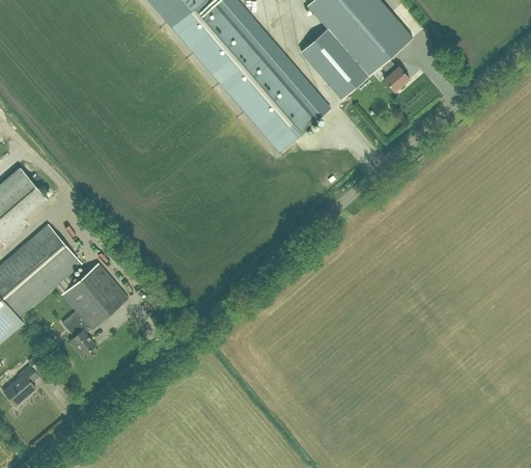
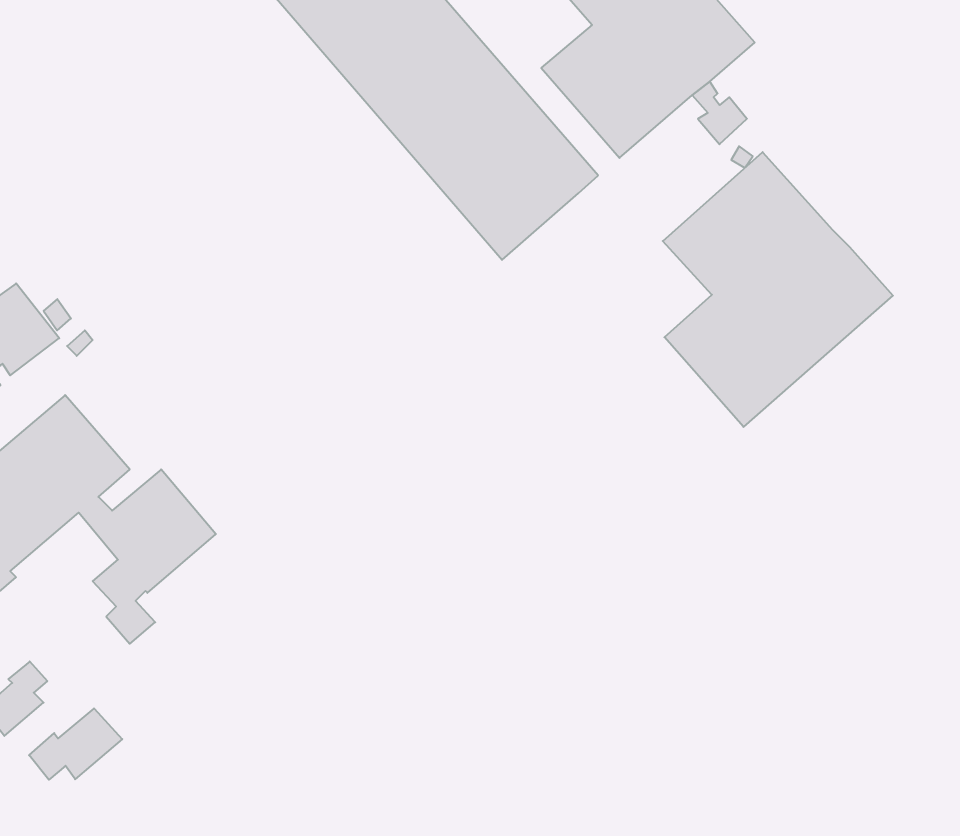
building: none -> [663,152,893,427]
building: none -> [29,708,122,780]

